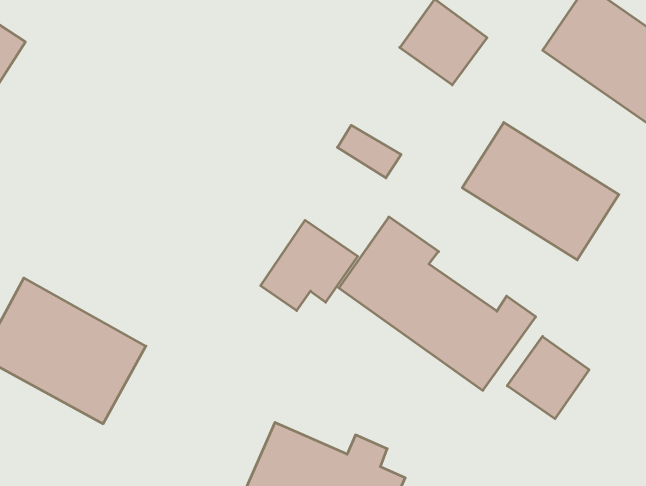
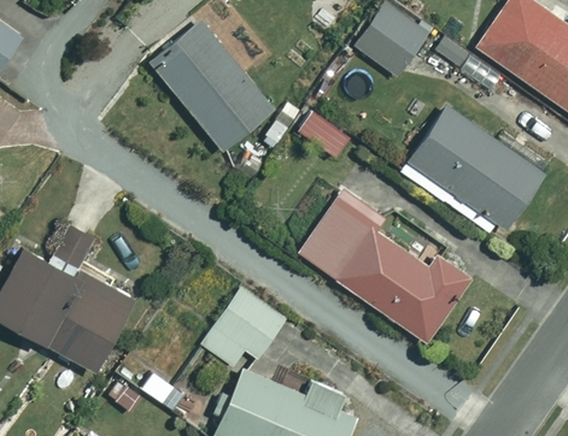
building: none -> [151,22,273,149]
building: [261,220,358,311] -> [201,287,286,365]
building: [507,336,589,419] -> none

